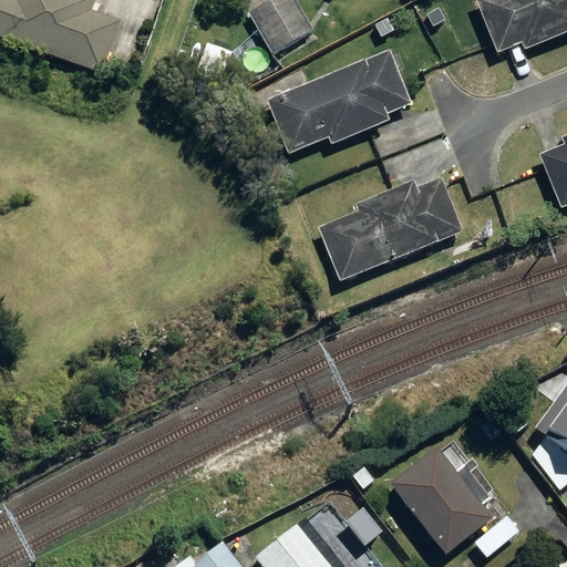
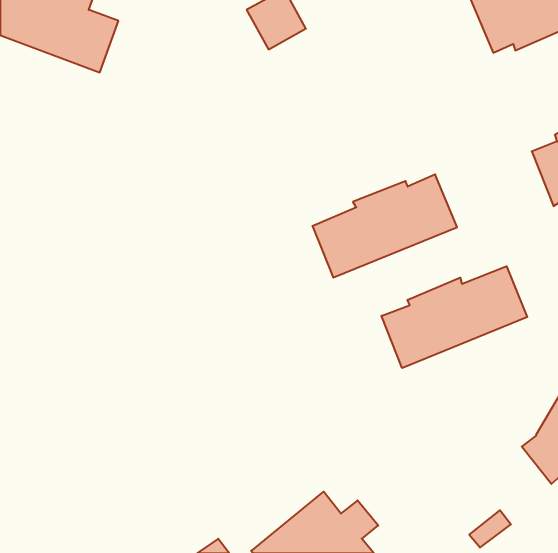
building: [267,50,412,153] -> none
building: none -> [381,266,527,368]
building: [388,436,494,551] -> none

